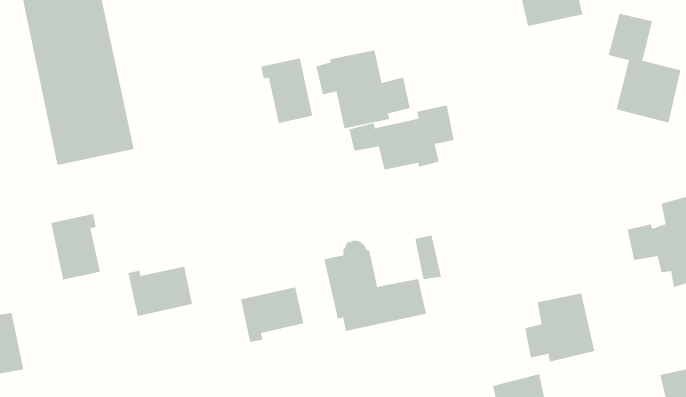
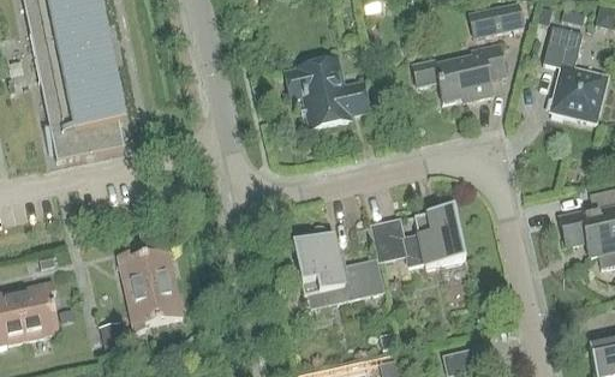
building: [261,58,313,124] -> none
building: [348,105,454,170] -> [412,43,506,101]
building: [50,213,101,280] -> [17,281,61,340]
building: [240,287,304,343] -> [127,282,184,331]
building: [525,293,595,362] -> [404,207,466,268]

